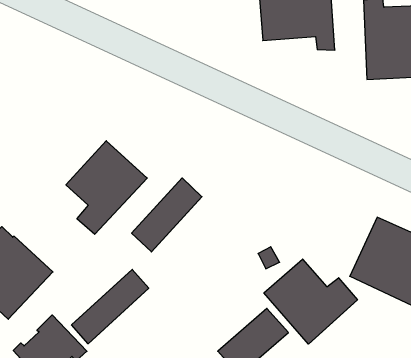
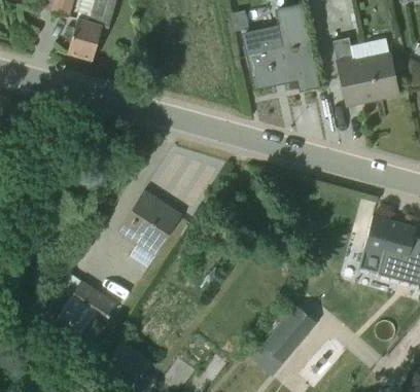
building: [132,178,202,252] -> none
building: [264,259,357,344] -> none
building: [72,269,149,344] -> none

